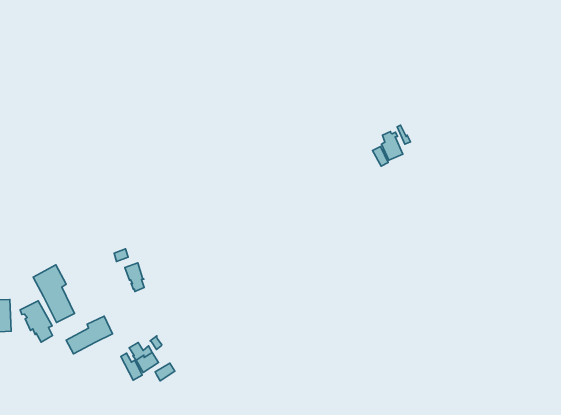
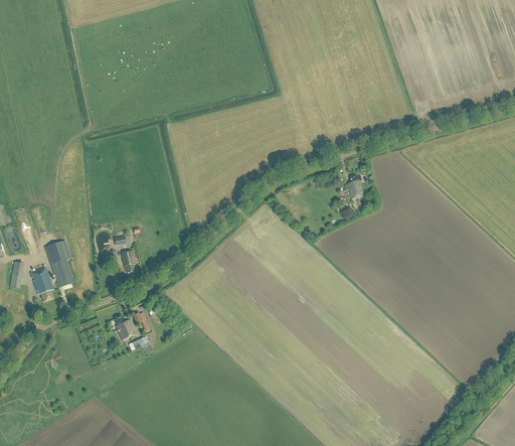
building: [66,316,113,354] -> none

